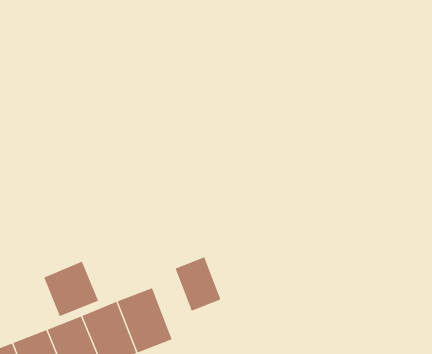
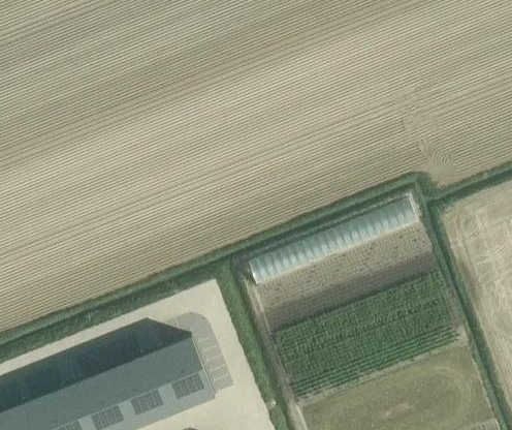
building: [175,257,221,311] -> none
building: [44,261,99,317] -> none

